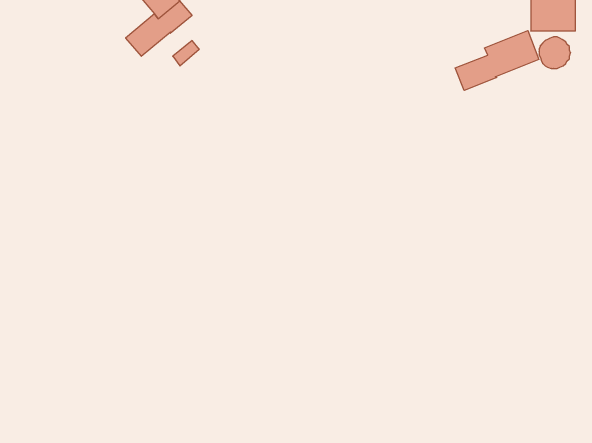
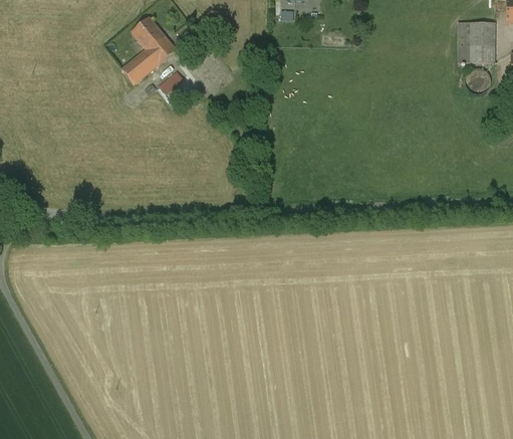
building: [455,31,539,90] -> none

